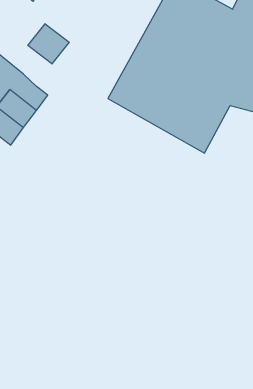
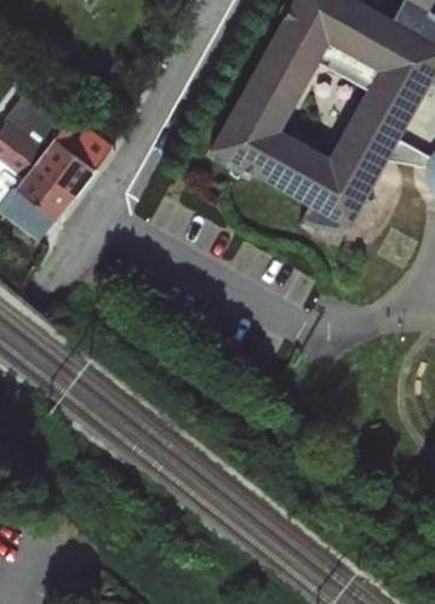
building: [28,24,69,64] -> none

